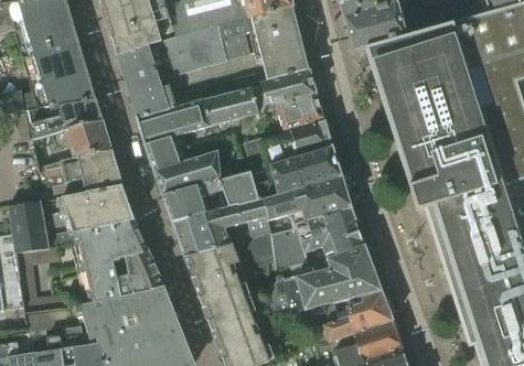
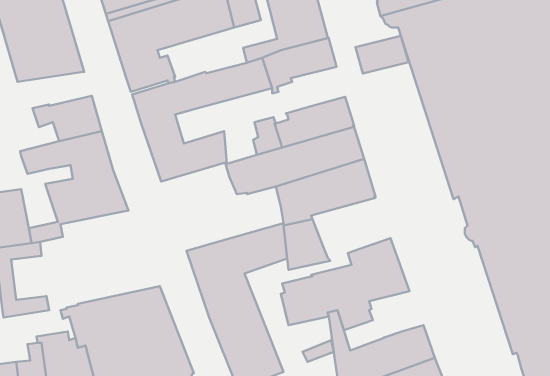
building: [277,94,323,127] -> [355,36,408,74]
building: [29,98,103,136] -> none
building: [163,177,270,255] -> none
building: [295,208,364,255] -> none
building: [75,219,163,301] -> none
building: [323,290,393,342] -> none

